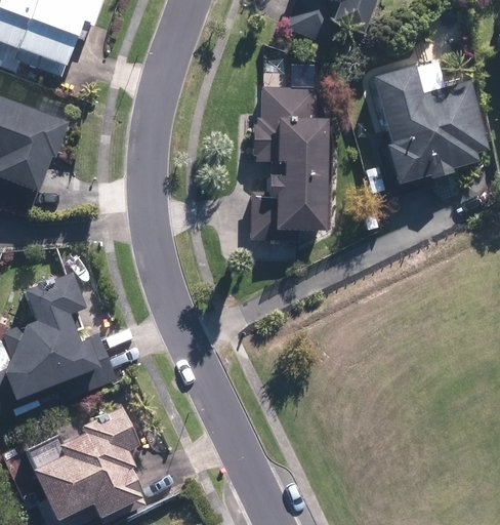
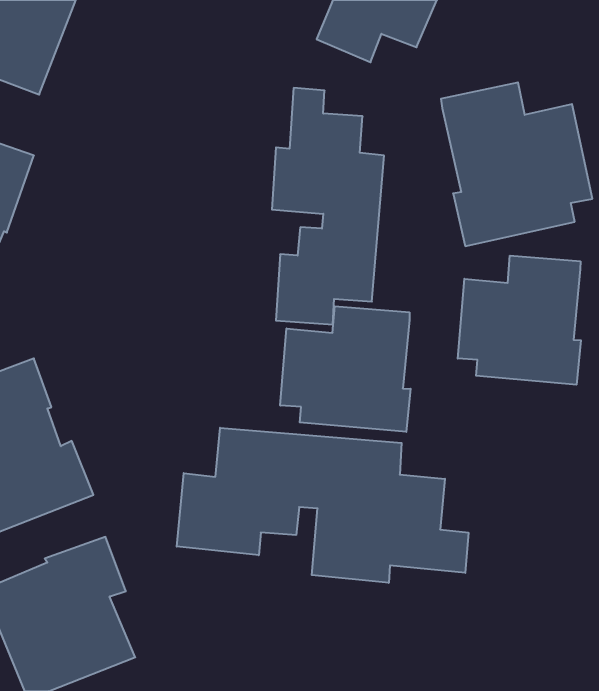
building: none -> [458,256,581,385]
building: none -> [280,306,411,432]
building: none -> [177,428,468,583]

